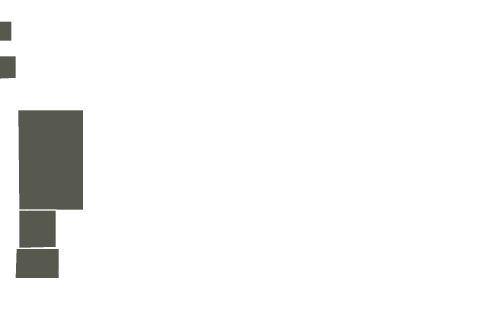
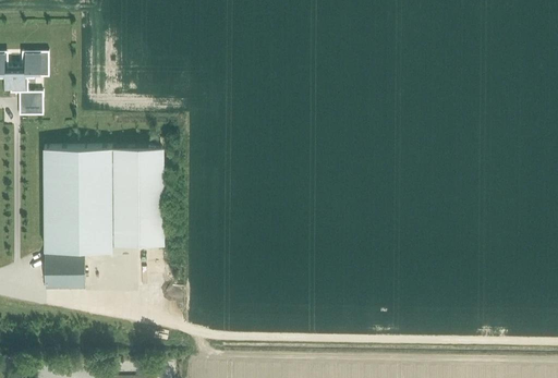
building: none -> [111,148,162,245]
building: [15,248,59,279] -> none

